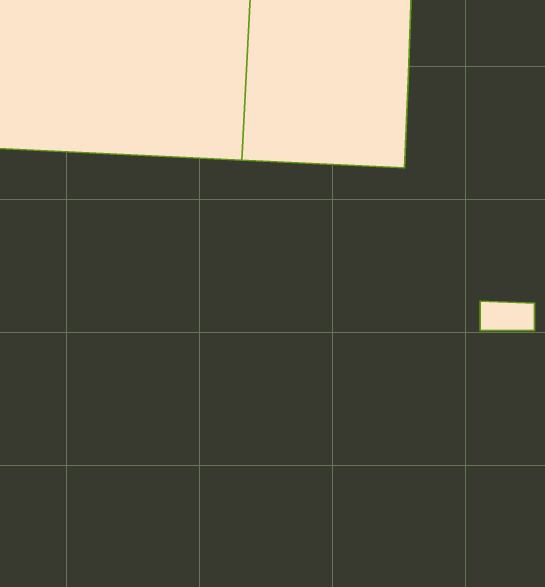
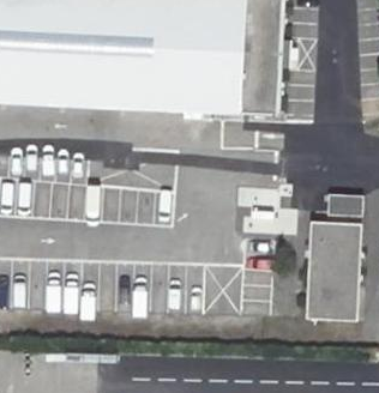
building: none -> [306,223,359,319]

